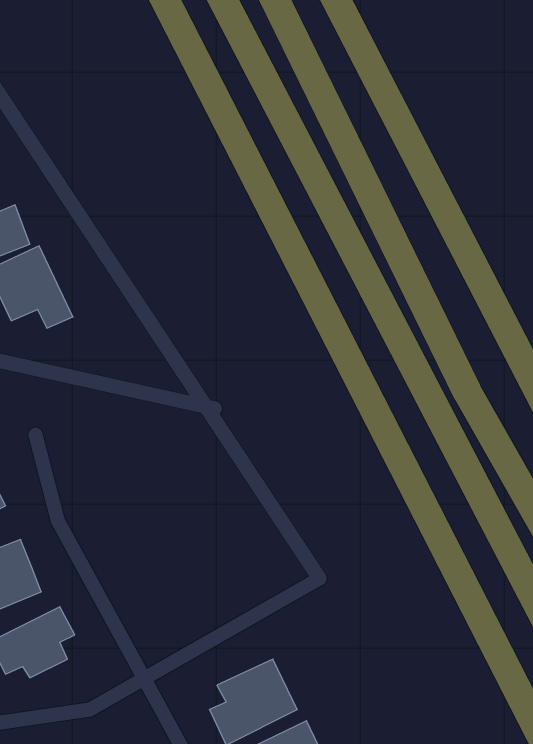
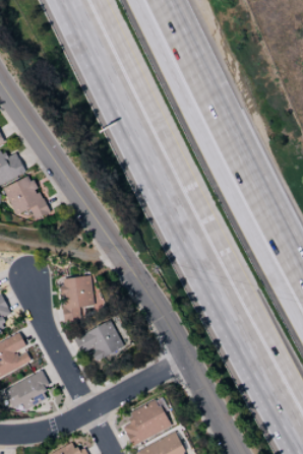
building: none -> [60,275,96,322]
building: none -> [76,321,124,362]

